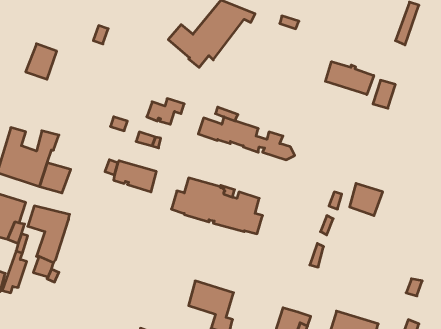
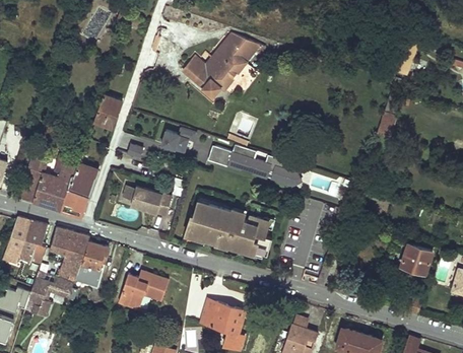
building: [26,44,57,79] -> [92,94,122,128]
building: [325,62,374,95] -> none
building: none -> [67,161,97,194]
building: [350,183,383,216] -> [401,243,433,274]
building: none -> [75,241,108,286]
building: none -> [118,270,169,309]

